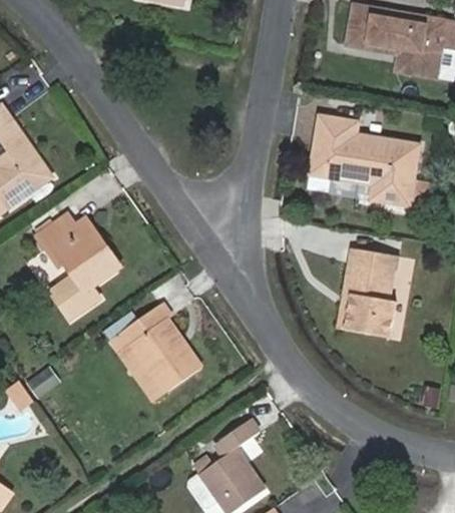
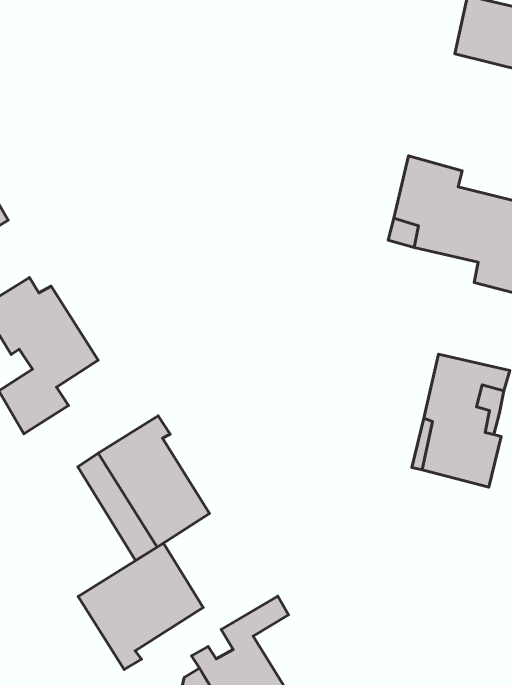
building: none -> [78,543,203,669]

